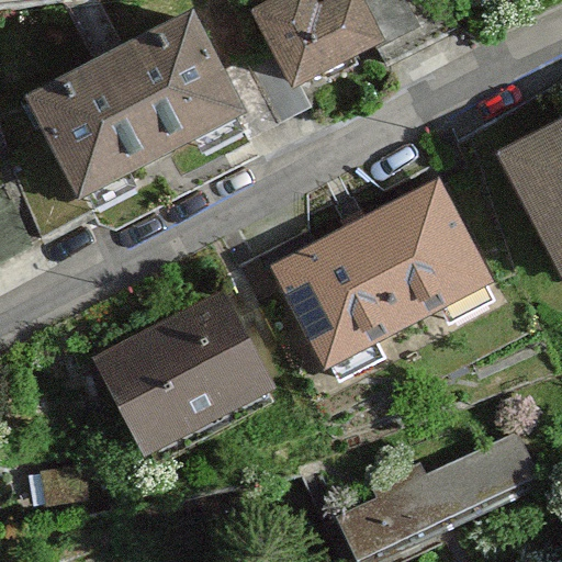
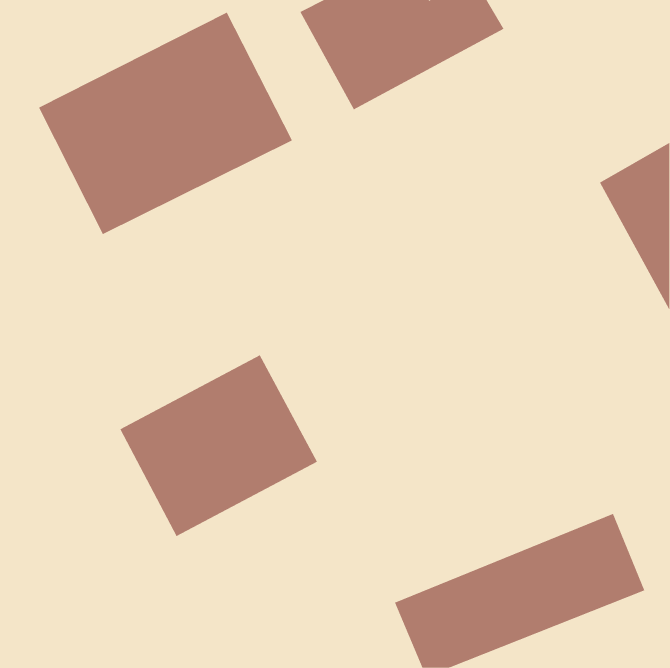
building: [280,180,488,362] -> none

